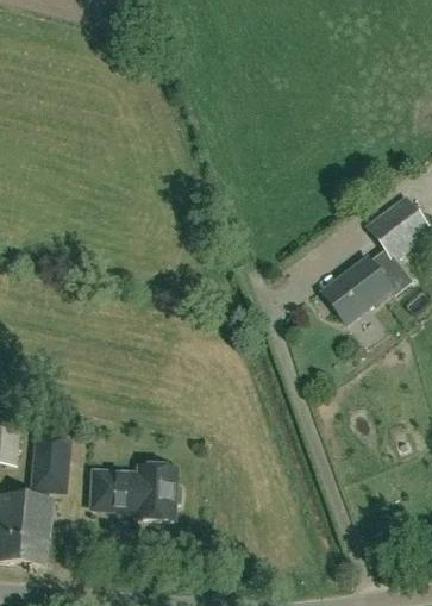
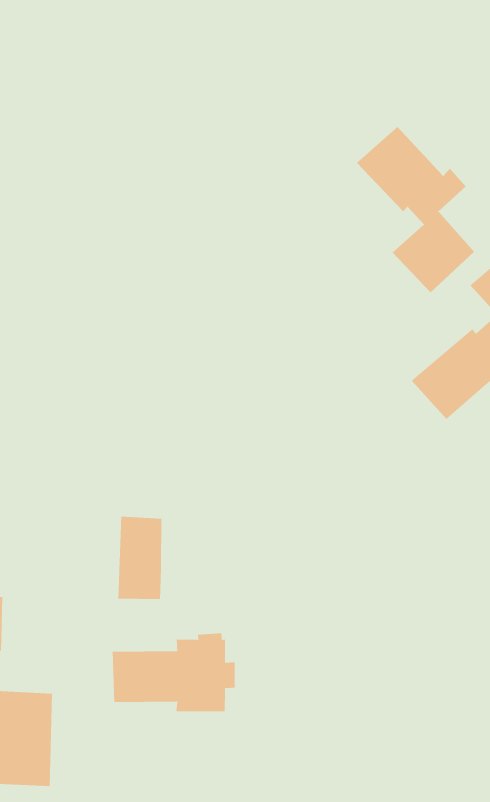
building: none -> [356,126,475,293]
building: [35,429,70,491] -> [117,516,162,600]

